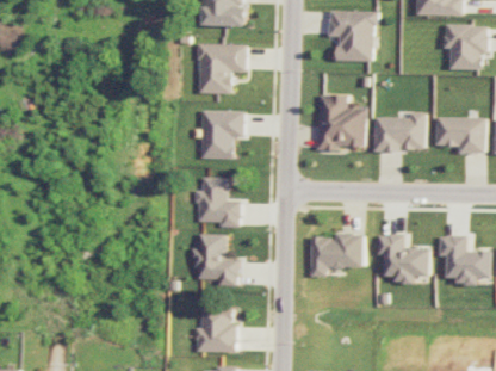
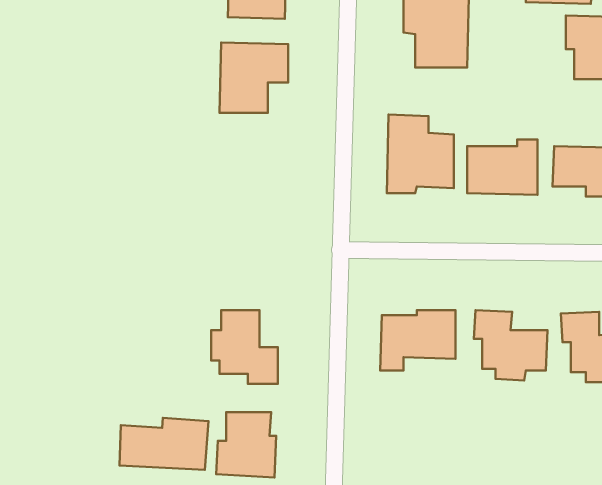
building: [200,110,243,159] -> none
building: [196,177,240,228] -> none
building: none -> [120,418,209,470]

